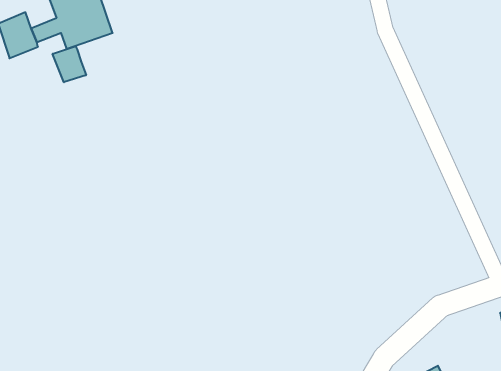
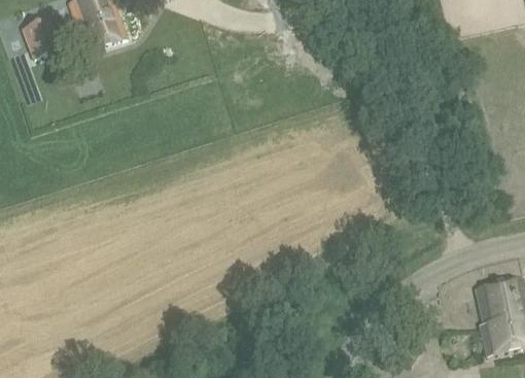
building: [53,46,86,82] -> none

